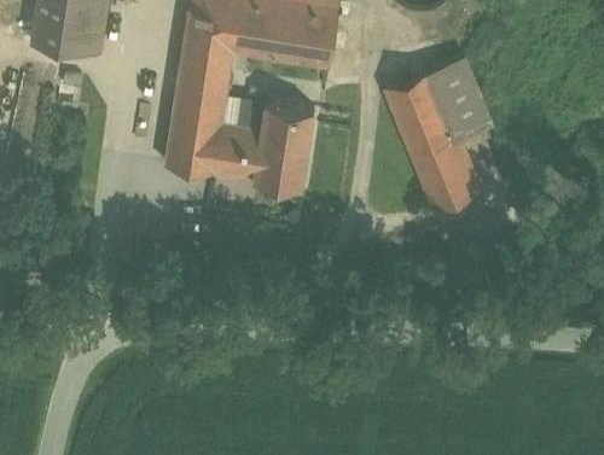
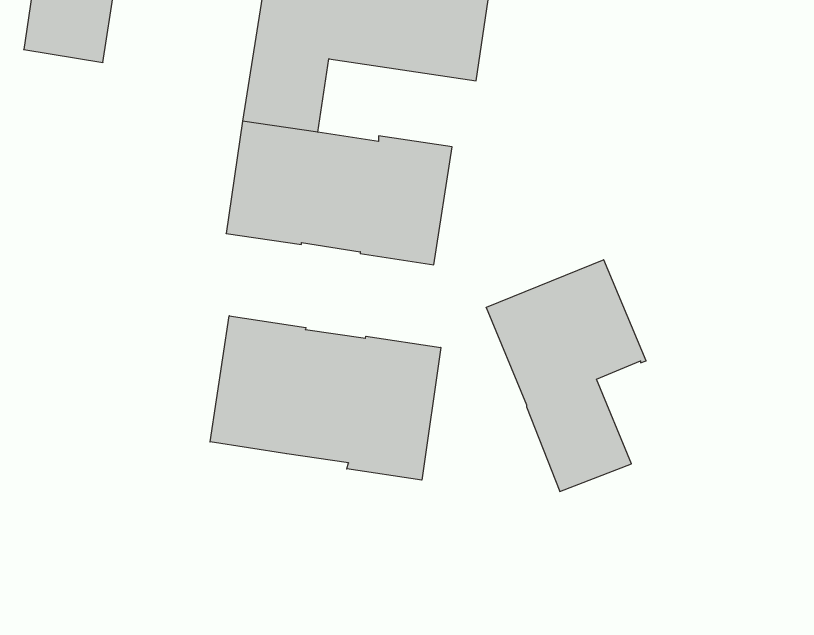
building: [385,59,490,211] -> [486,260,646,491]
building: none -> [210,316,441,480]

